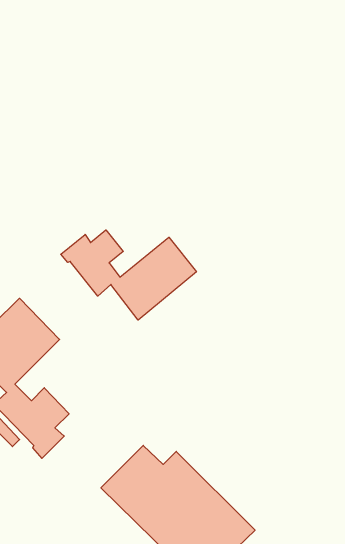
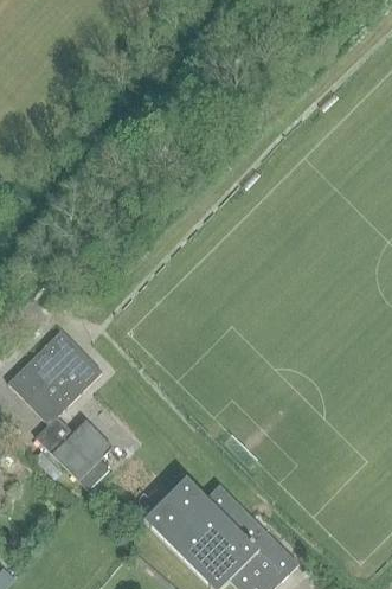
building: [61,230,196,320] -> none

